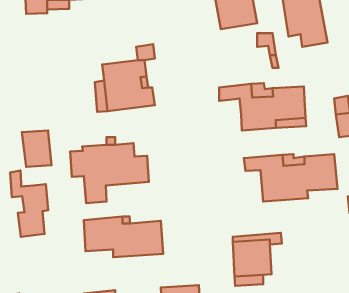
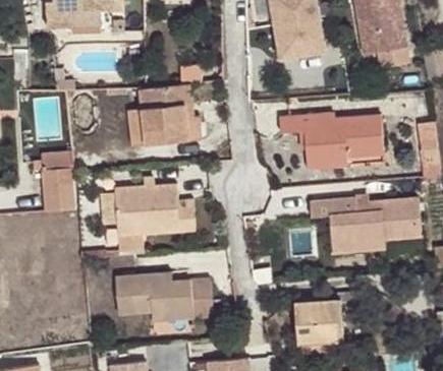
building: [10,171,48,237] -> none

